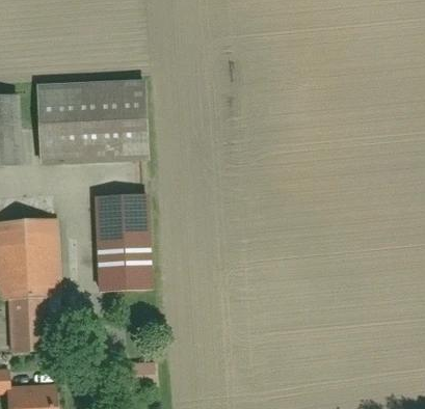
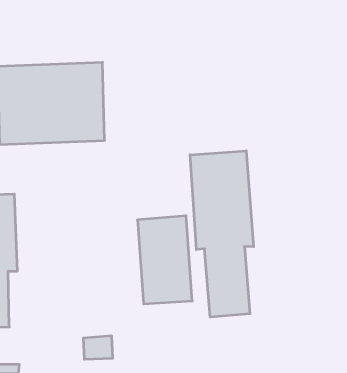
building: none -> [190,151,254,317]
building: [98,195,154,285] -> [137,216,192,304]

